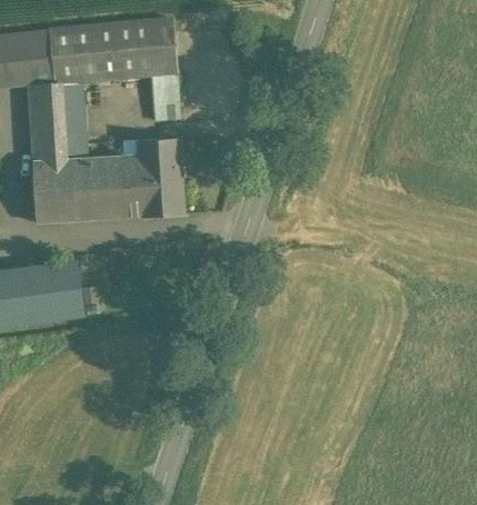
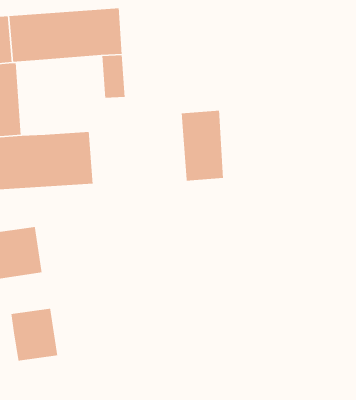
building: [57,78,88,161] -> none
building: [137,138,185,218] -> [181,110,224,182]
building: none -> [10,308,58,362]

